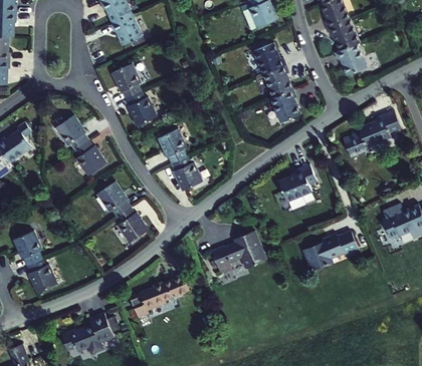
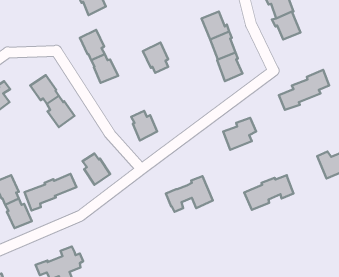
building: [158,129,187,164] -> [143,43,168,73]
building: [96,181,130,216] -> none
building: [130,276,190,318] -> [24,174,77,211]

